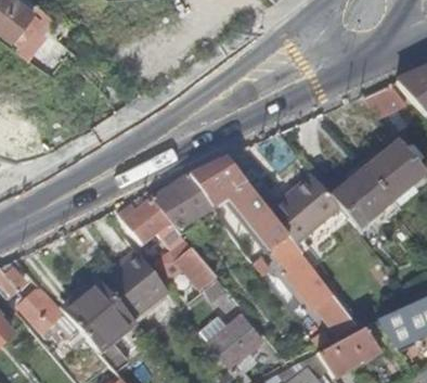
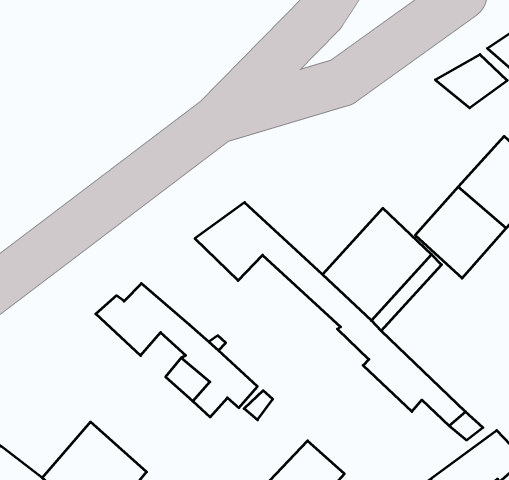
building: [150,175,214,230] -> none
building: [103,253,168,321] -> none

